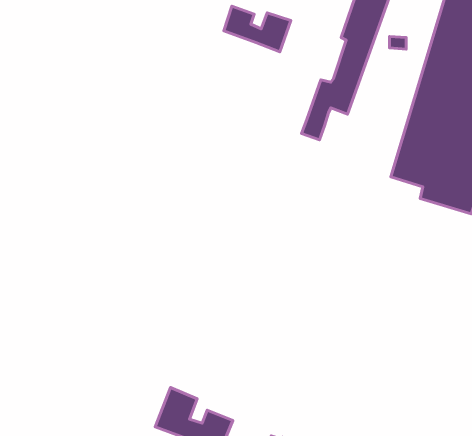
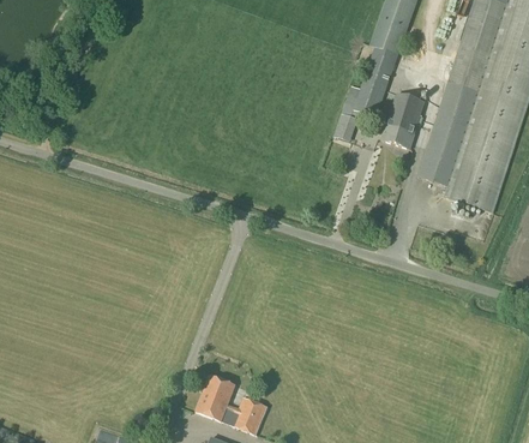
building: [224,6,291,52] -> none
building: none -> [381,91,425,148]

